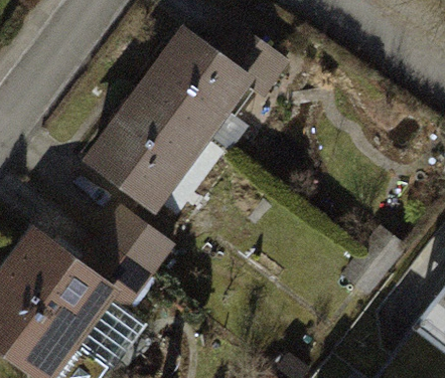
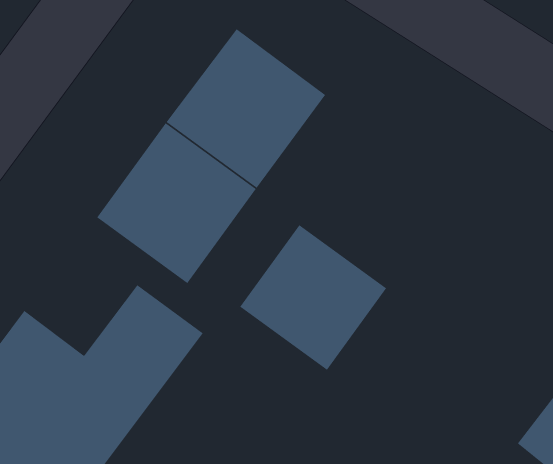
building: none -> [239,224,387,371]

